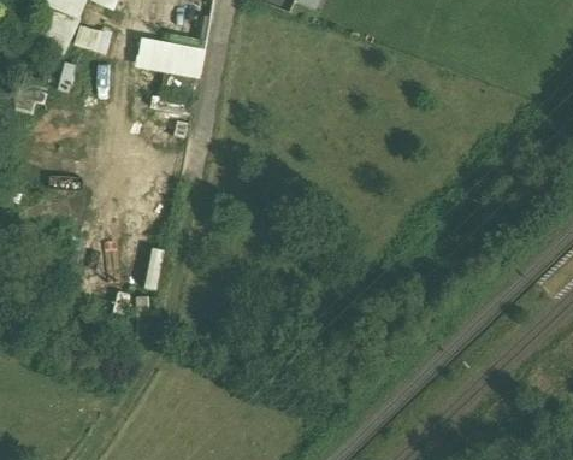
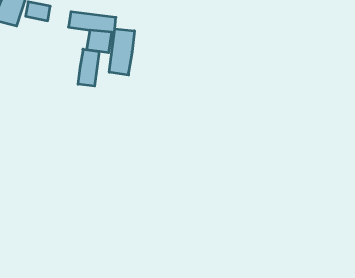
building: none -> [109,29,134,75]
building: none -> [78,49,99,86]

